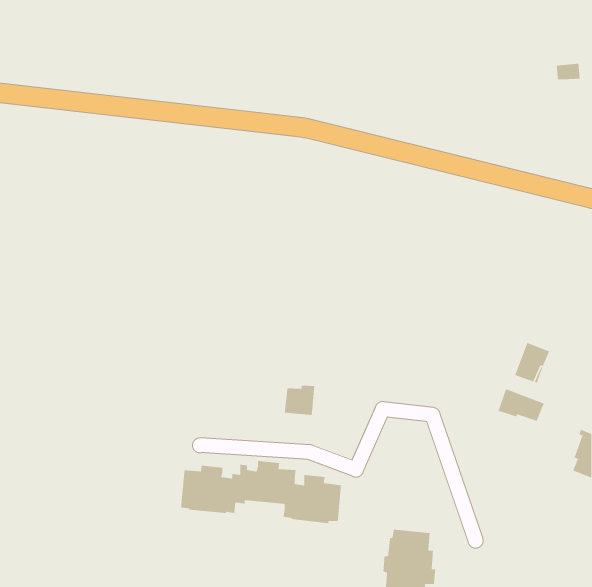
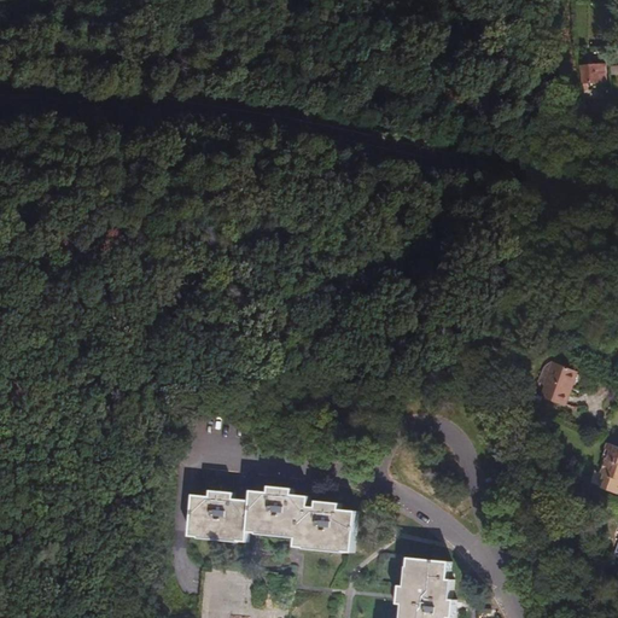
building: [284,385,315,416] -> none
building: [498,388,545,422] -> none

